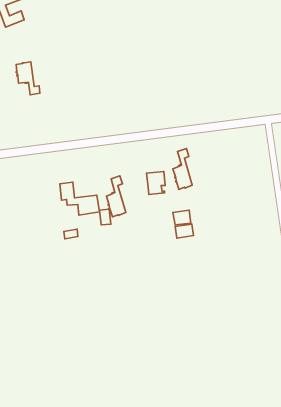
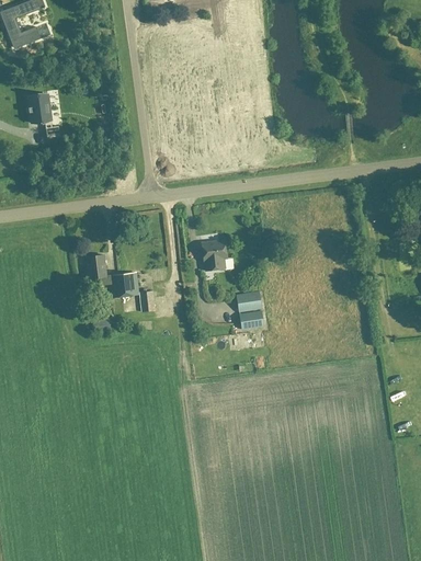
building: [173,149,192,190] -> none
building: [106,176,126,217] -> none

